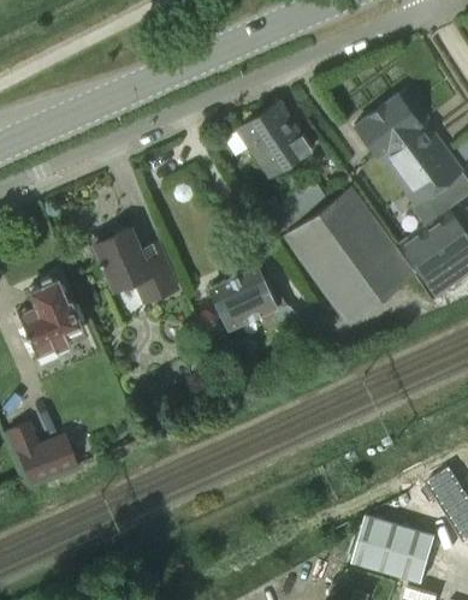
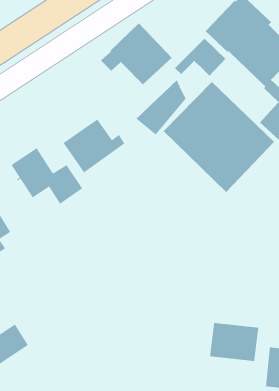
building: none -> [174,38,226,76]
building: [209,267,286,329] -> [62,119,127,173]
building: none -> [209,322,259,362]

